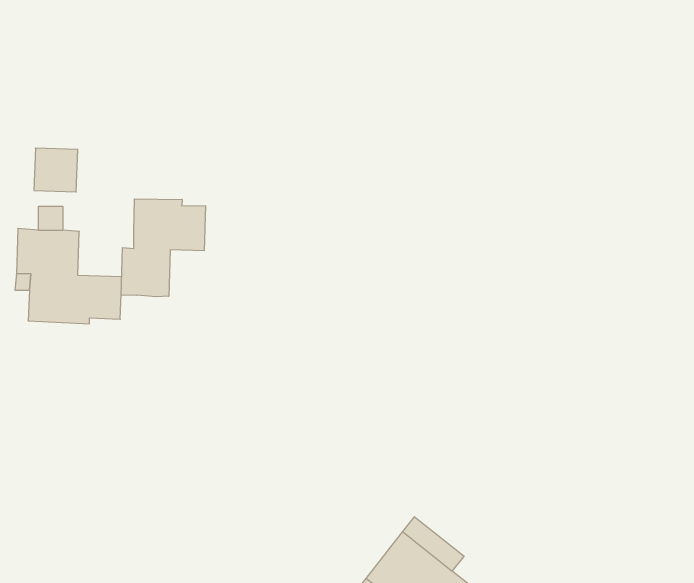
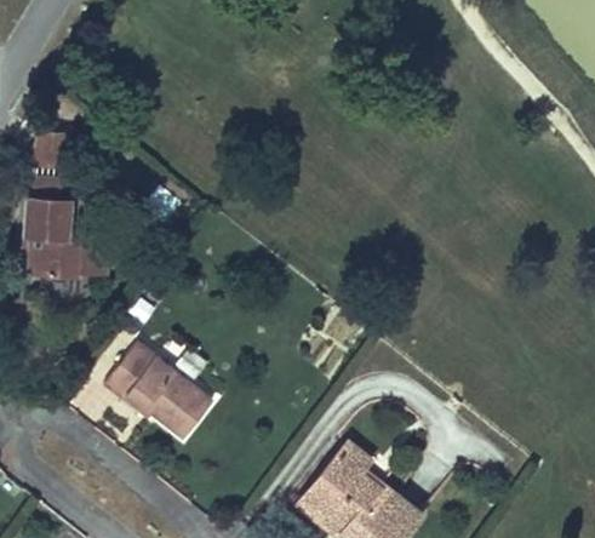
building: [121,199,206,297] -> none
building: none -> [104,343,213,440]

